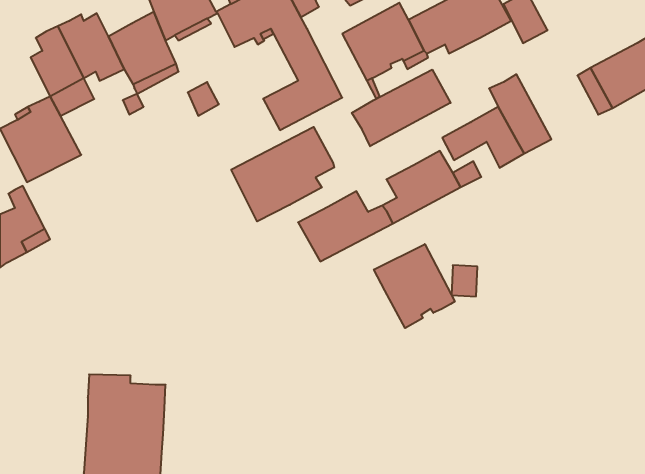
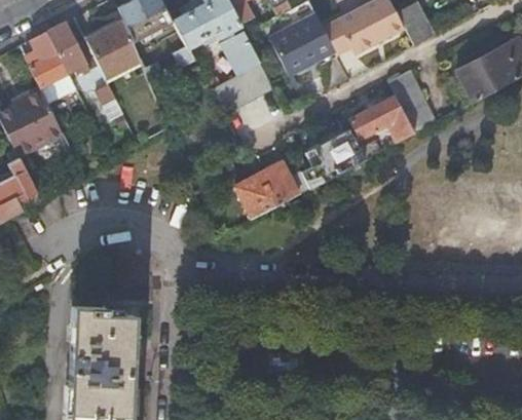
building: [352,70,451,146] -> none
building: [231,127,334,221] -> none
building: [374,244,455,328] -> none

